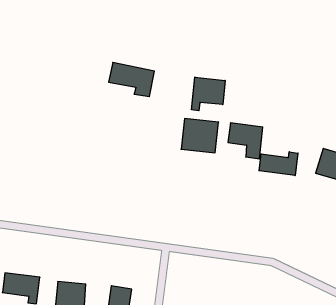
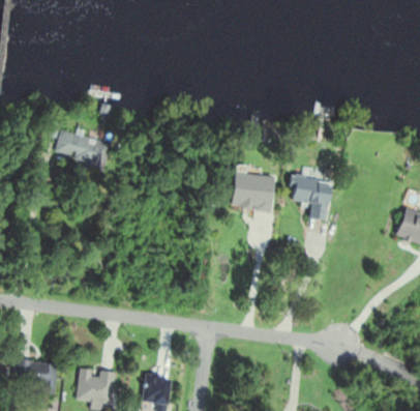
building: [109,62,154,97] -> [54,131,110,173]
building: [192,77,225,111] -> none
building: [259,152,298,176] -> none

